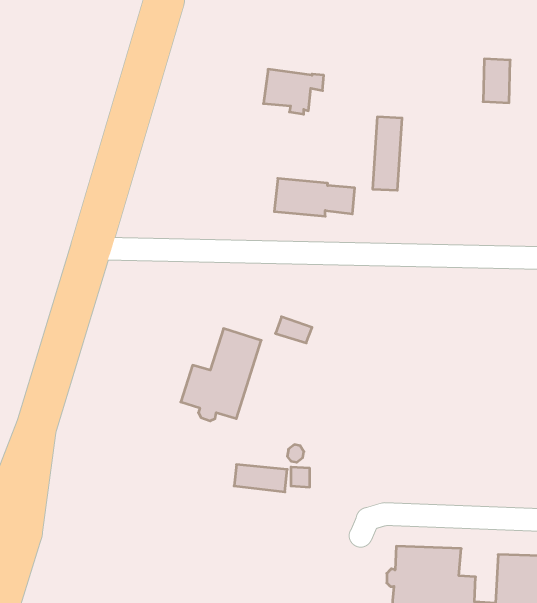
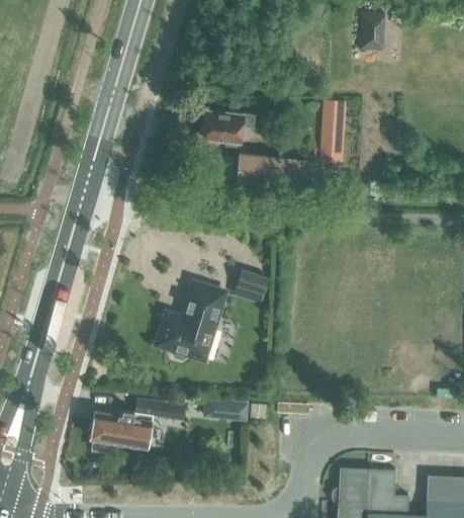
building: [483,59,510,103] -> [361,13,384,51]
building: [263,69,324,114] -> [203,110,255,149]
building: none -> [91,400,185,453]

